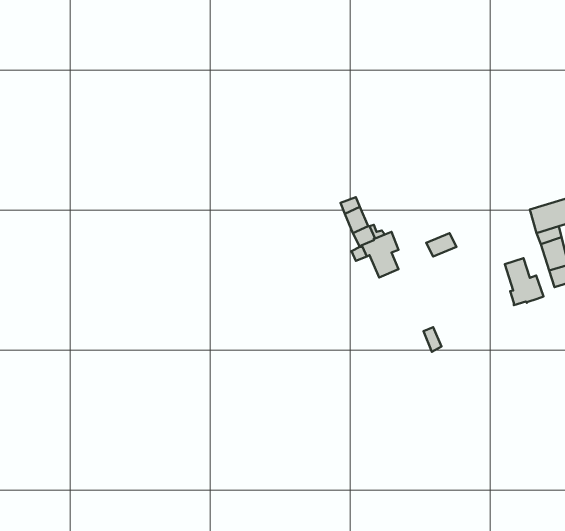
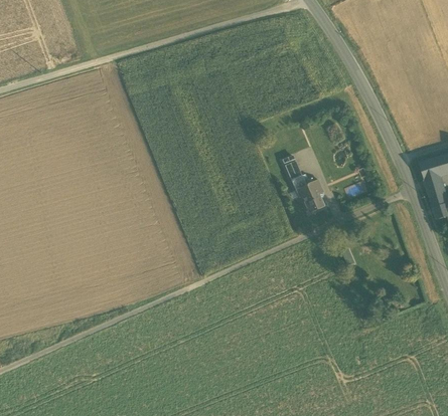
building: [505,258,544,305] -> none

